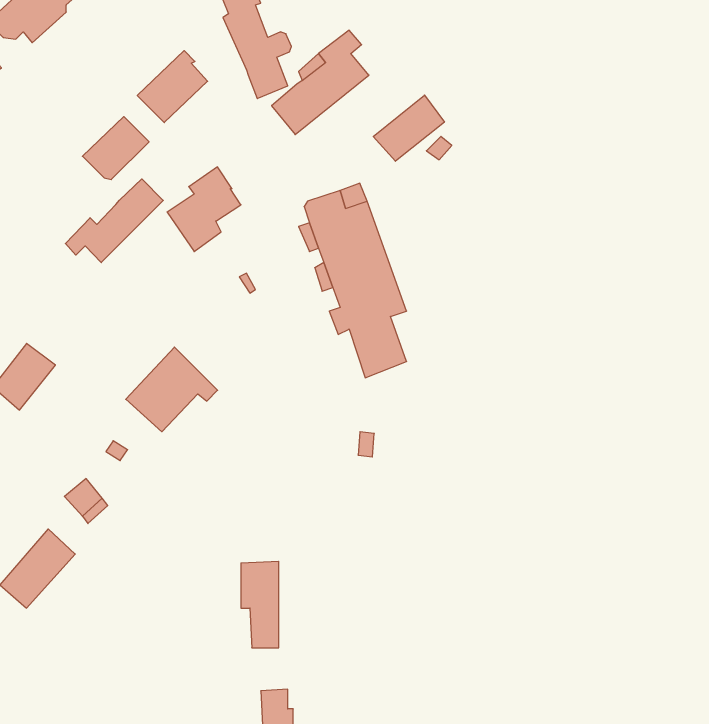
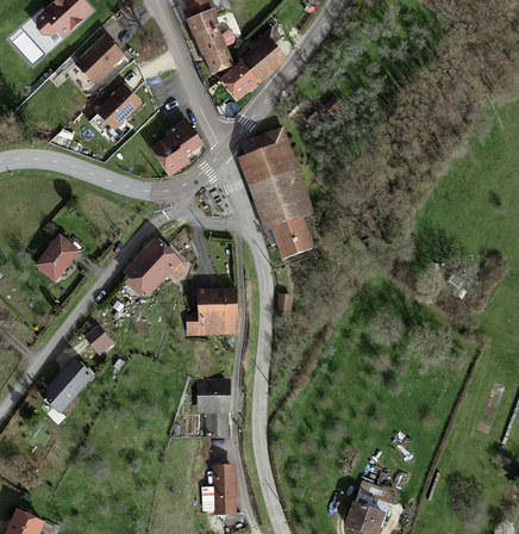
building: [137,51,208,123] -> [76,35,123,82]
building: [373,95,444,161] -> none
building: [65,179,163,263] -> none
building: none -> [187,290,238,334]

